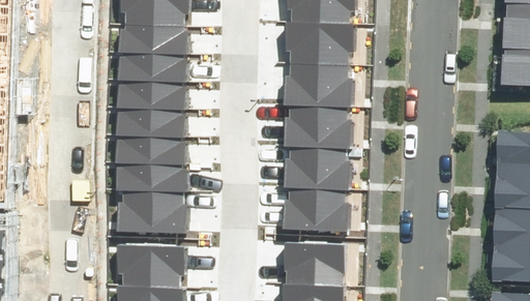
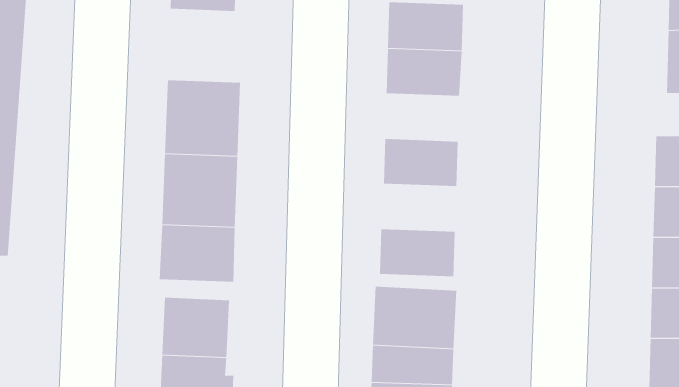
building: [127,11,185,67] -> none
building: [292,76,349,112] -> none
building: [289,144,347,180] -> none

